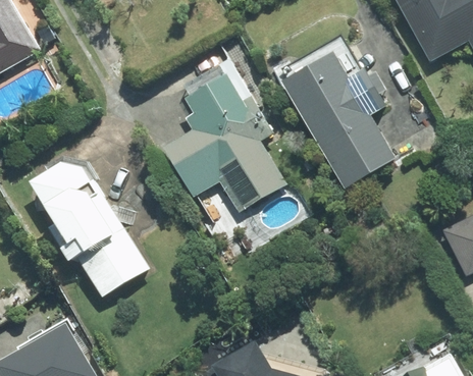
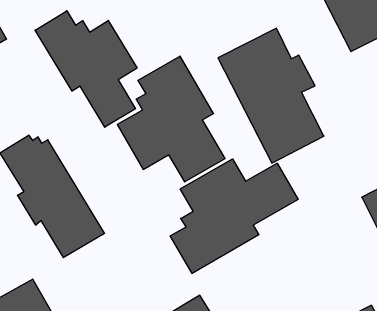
building: none -> [35,11,137,127]
building: none -> [170,159,298,273]

